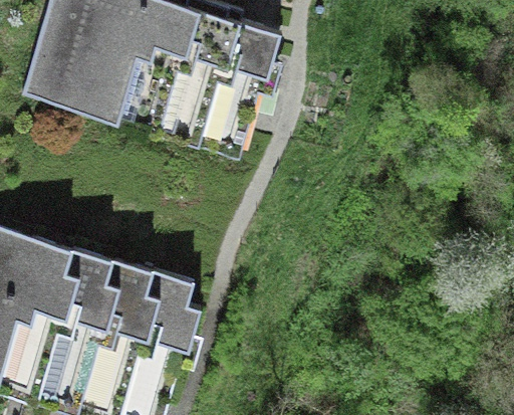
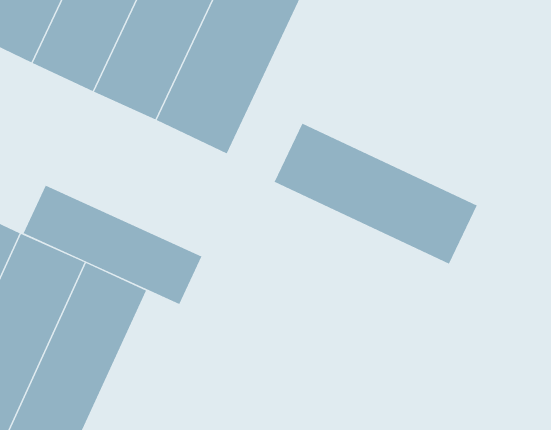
building: none -> [274,123,477,265]
building: none -> [23,185,202,305]

